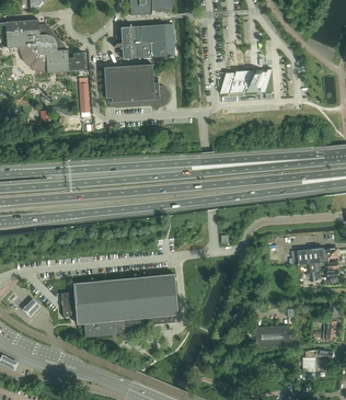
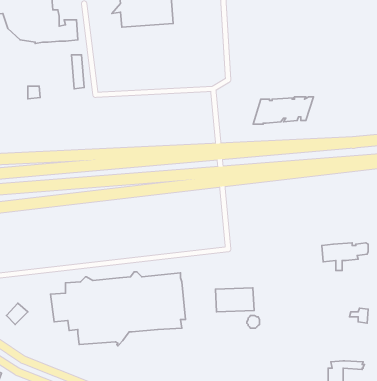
building: [104,64,170,110] -> none
building: [220,70,273,94] -> [253,97,313,124]
building: [256,327,290,347] -> [215,288,254,312]

